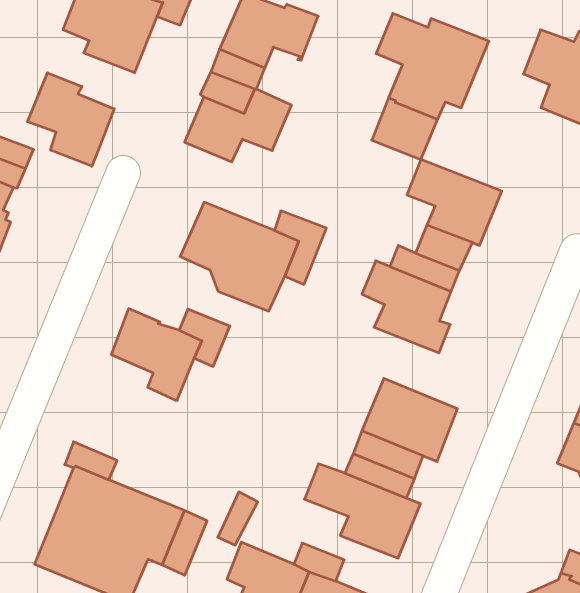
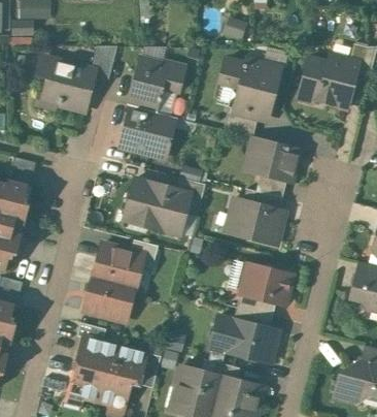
building: [27,73,114,166] -> none
building: none -> [82,270,133,317]

